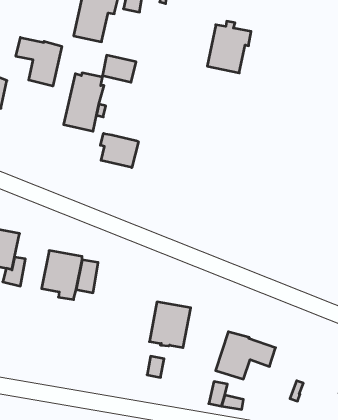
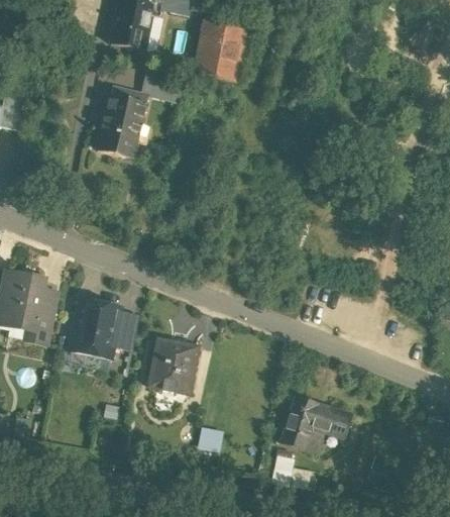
building: [207,21,251,73] -> [195,18,247,80]
building: [16,37,62,86] -> none
building: [100,133,138,168] -> none
building: [149,302,191,348] -> [148,339,198,394]

